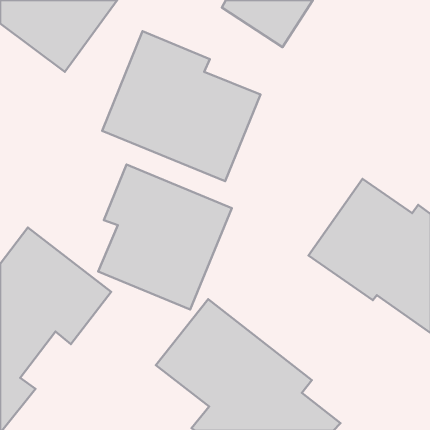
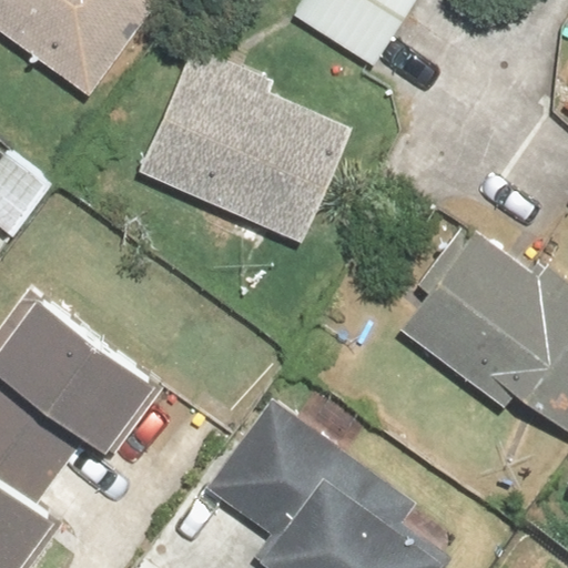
building: [98,165,232,309] -> none

